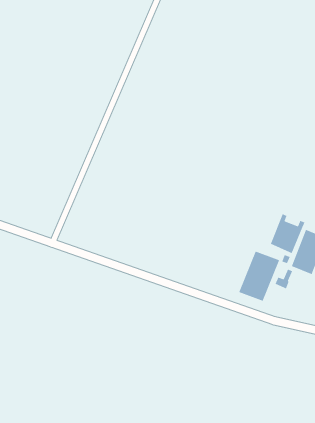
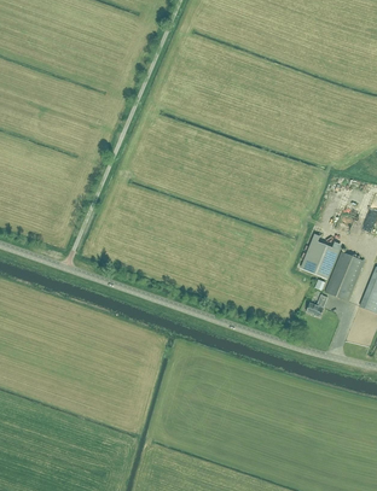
building: [238,251,280,302] -> none

